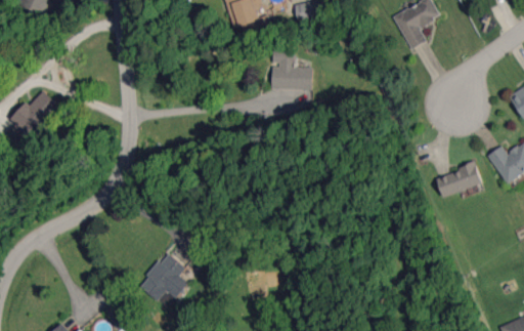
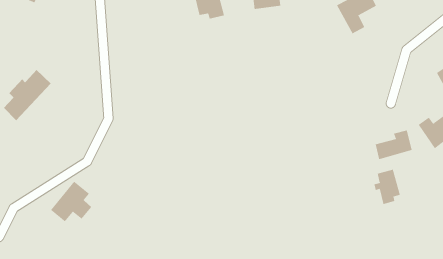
building: [272,49,312,89] -> none
building: none -> [374,169,401,205]
building: [140,252,189,300] -> [50,181,92,222]

